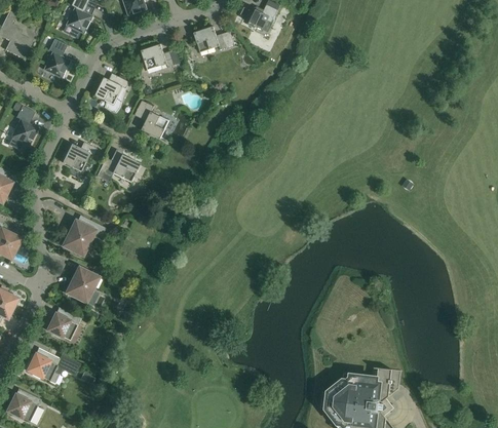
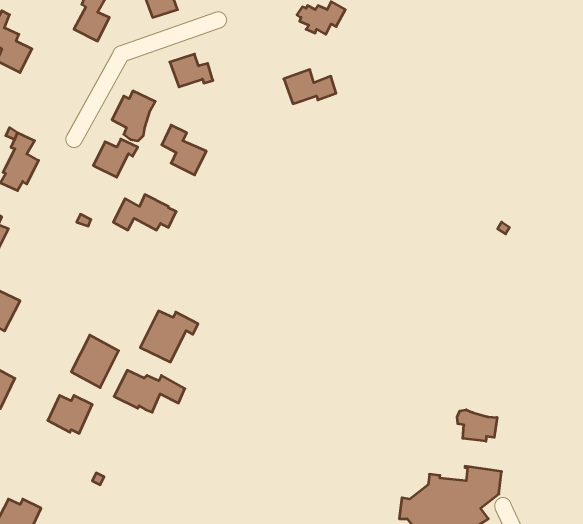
building: [193,26,234,52] -> [284,70,336,104]
building: [44,38,71,79] -> none
building: [62,142,97,171] -> [93,139,138,177]
building: [60,218,105,258] -> [140,311,198,362]
building: none -> [457,410,497,441]
building: [25,350,80,383] -> [114,370,185,412]

